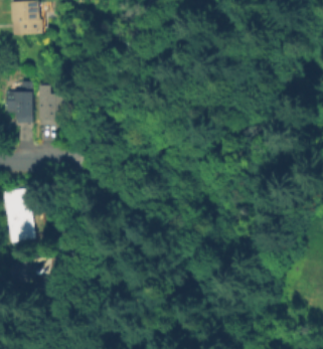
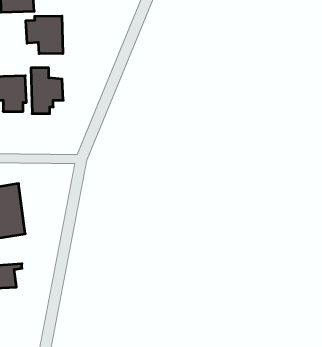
building: none -> [26,16,63,54]

